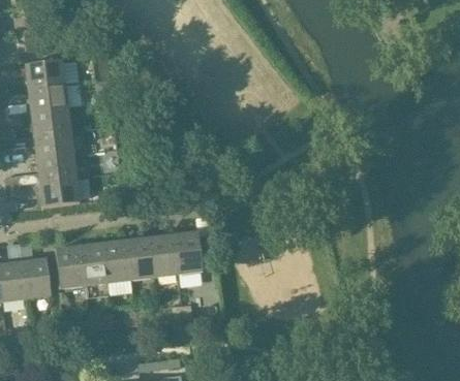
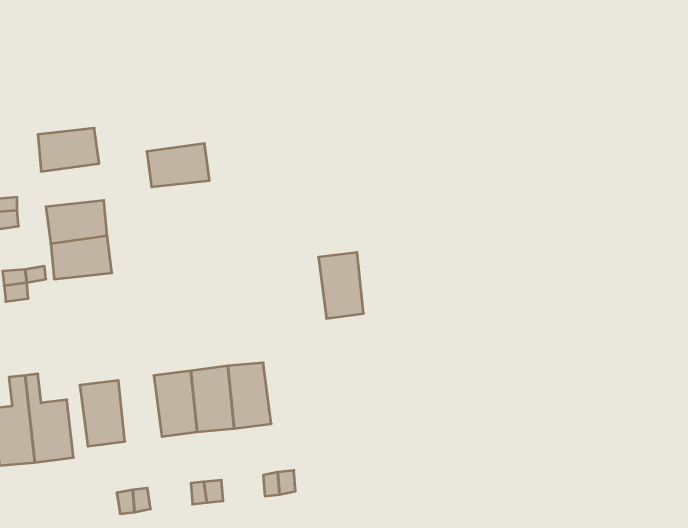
building: [26,59,65,88] -> none
building: [31,106,71,134] -> [147,144,209,187]
building: [39,177,80,205] -> none
building: [174,231,203,274] -> [318,252,363,318]
building: [81,243,109,285] -> none

